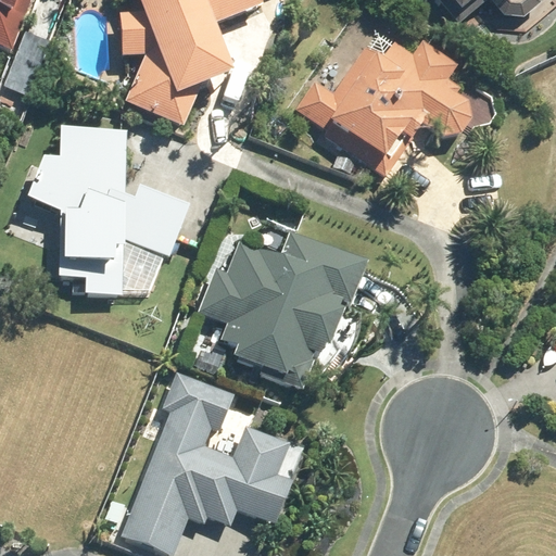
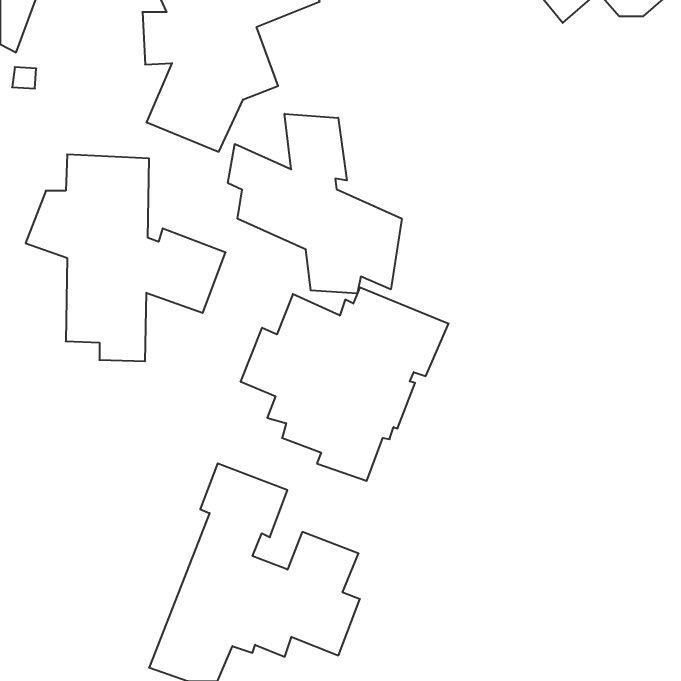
building: [296,40,472,176] -> none
building: none -> [228,114,402,294]

